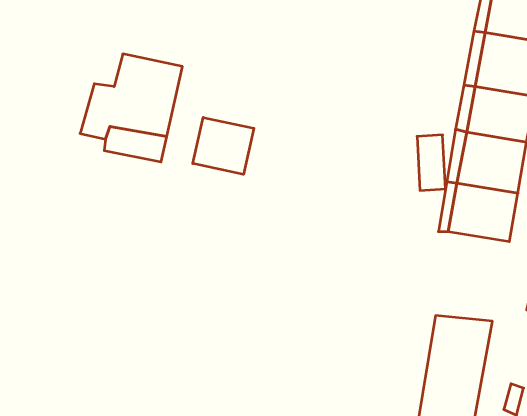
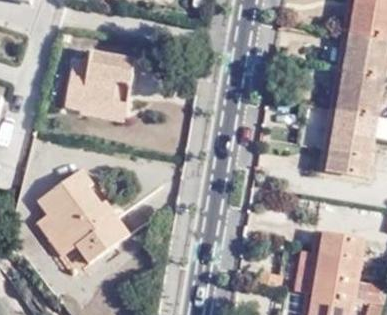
building: [193,117,254,174] -> none
building: none -> [39,166,132,261]

